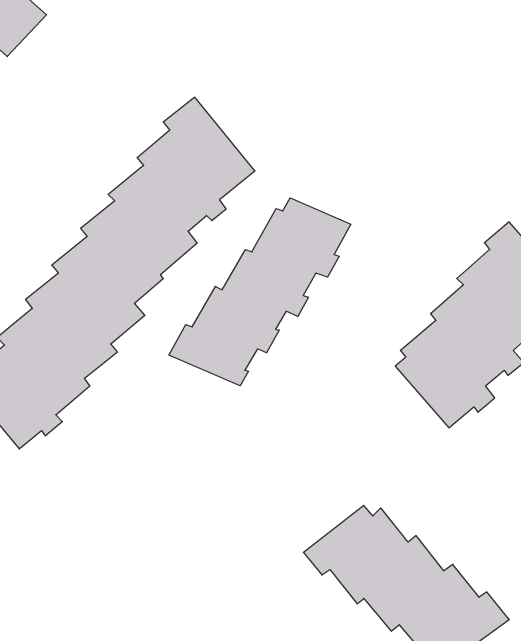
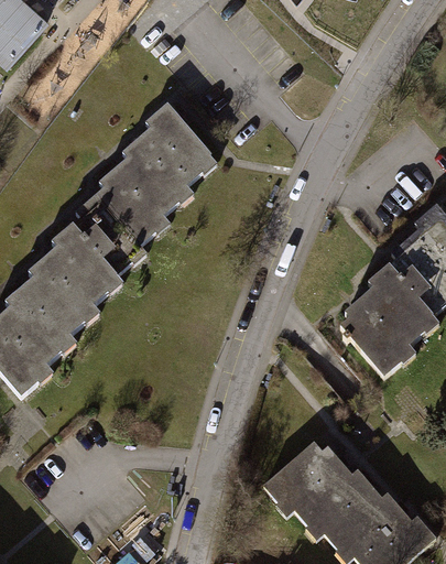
building: [169,198,351,386] -> none

